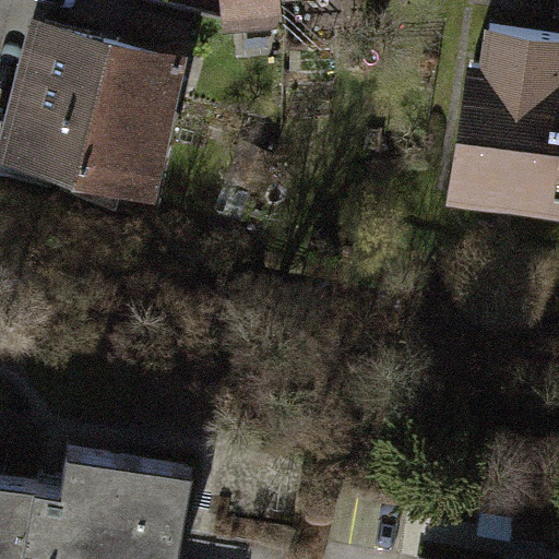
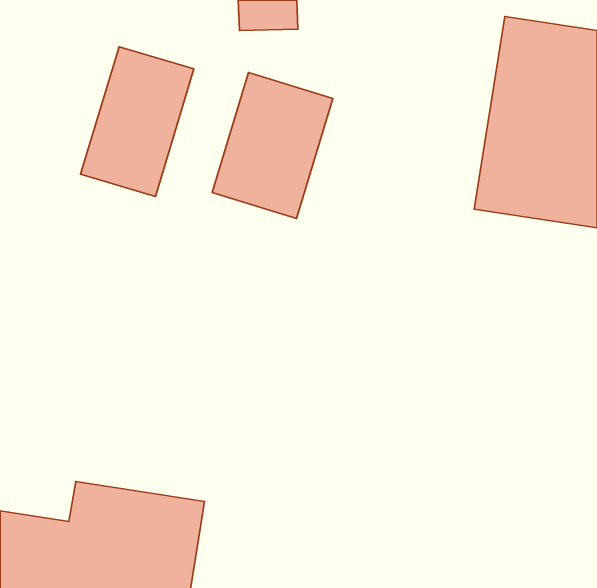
building: [5,32,111,171] -> none
building: none -> [212,73,333,218]

